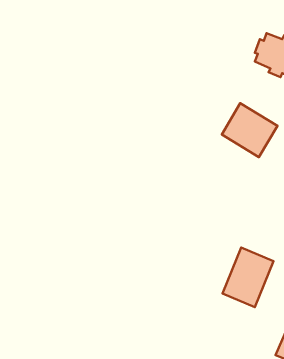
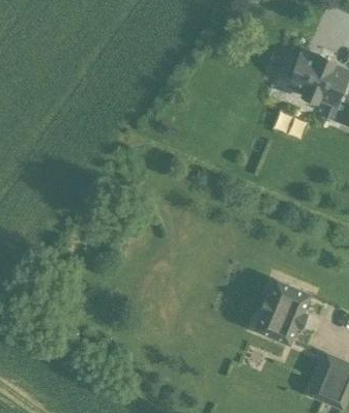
building: [222,103,278,157] -> none

